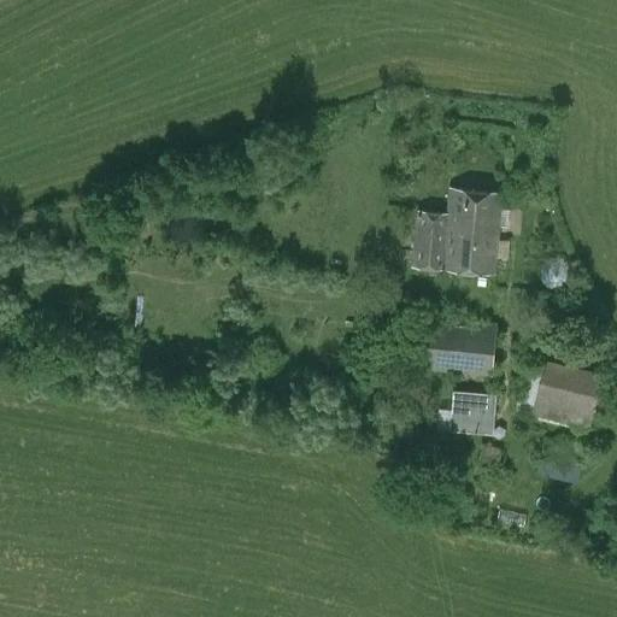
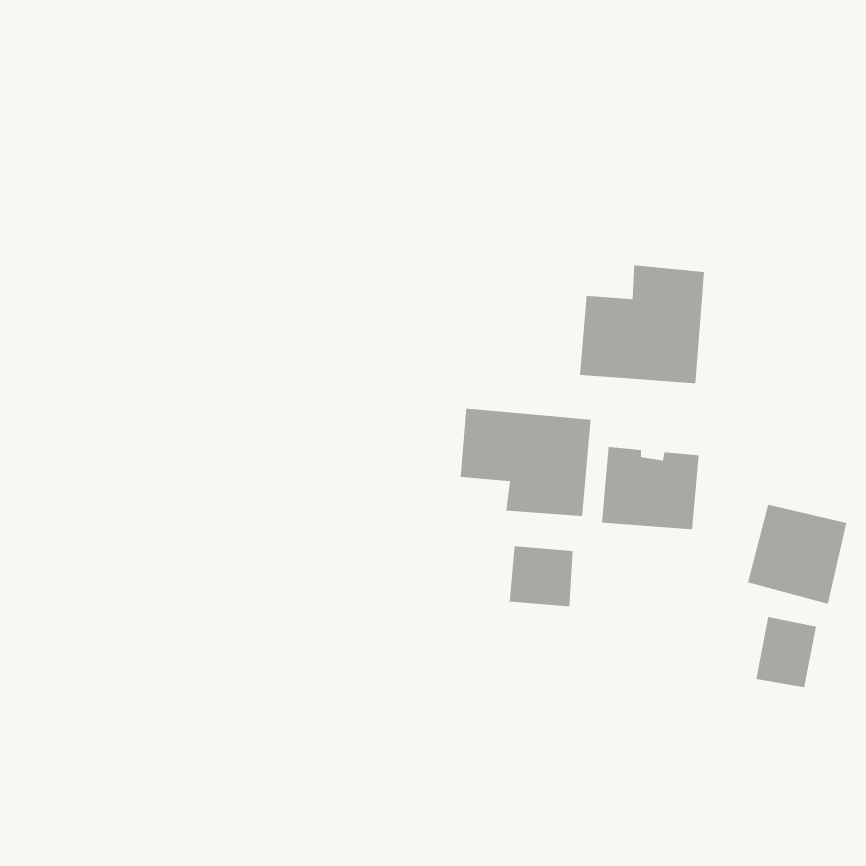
building: none -> [460,408,591,517]
building: [445,389,490,433] -> [509,546,573,607]

